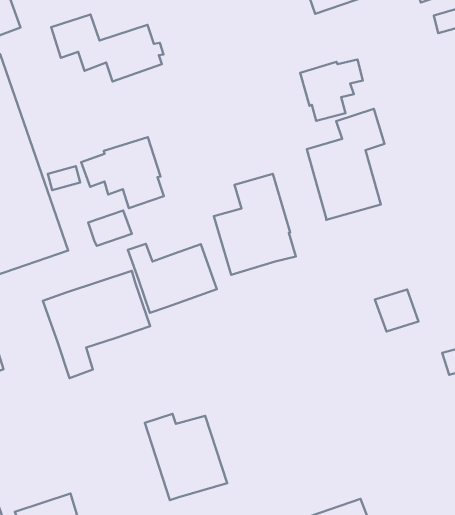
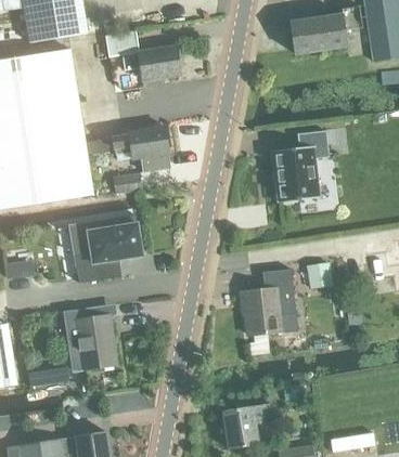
building: [300,60,363,121] -> none
building: [214,174,296,275] -> [244,269,297,335]
building: [128,244,217,313] -> none
building: [145,414,227,500] -> [65,310,116,370]

